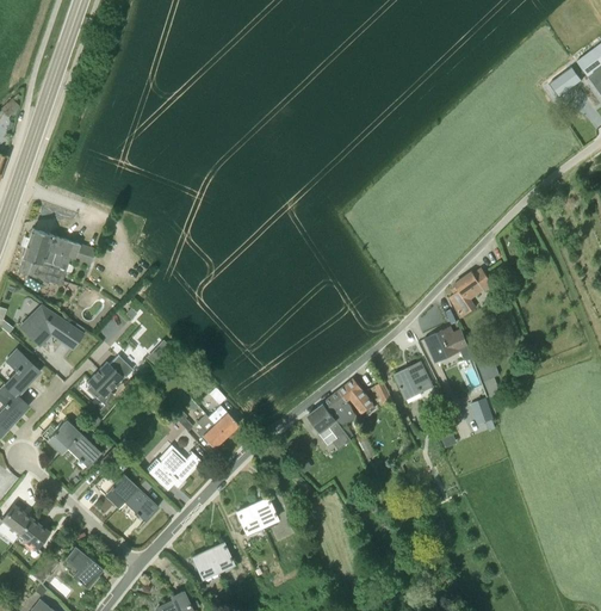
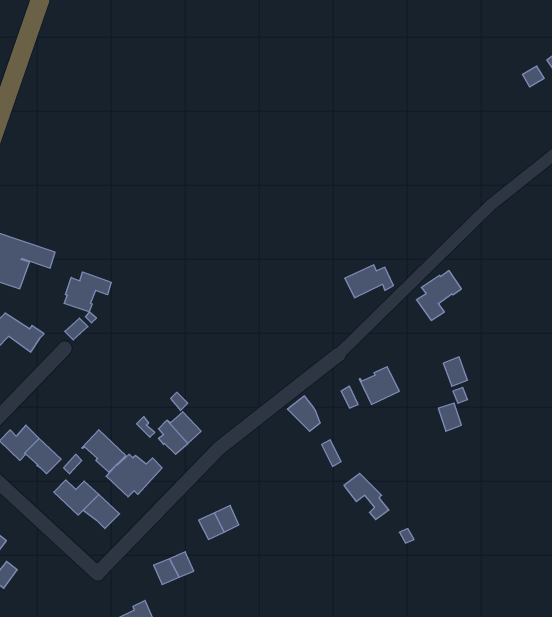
building: none -> [64,272,111,312]
building: [425,326,472,358] -> [345,265,393,298]
building: [87,363,123,400] -> none
building: [340,381,373,415] -> none
building: [308,405,352,450] -> [344,473,389,520]
building: none -> [82,430,126,472]
building: [68,548,103,586] -> none

